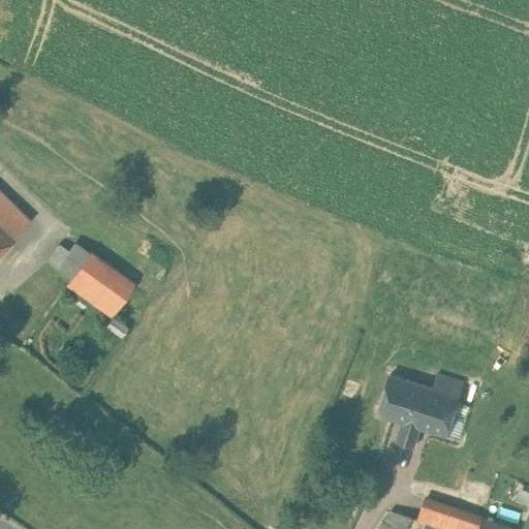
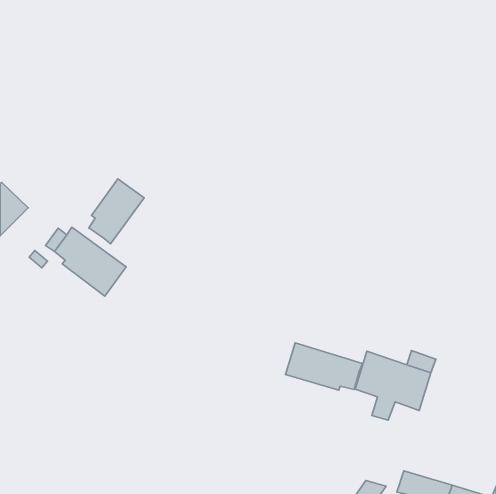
building: none -> [89,179,144,244]
building: none -> [286,343,362,390]

